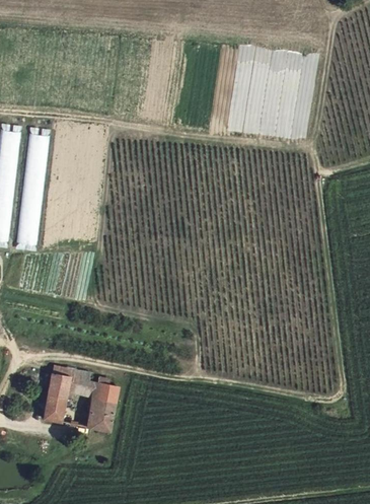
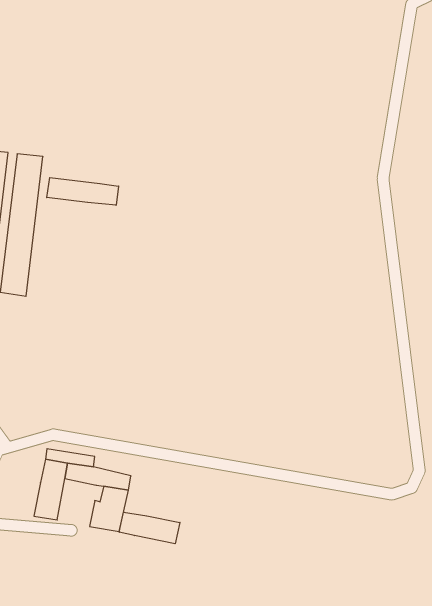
building: none -> [47,178,119,205]
building: none -> [119,512,180,544]

